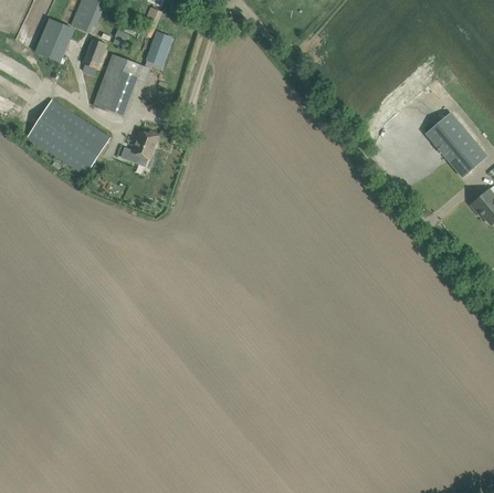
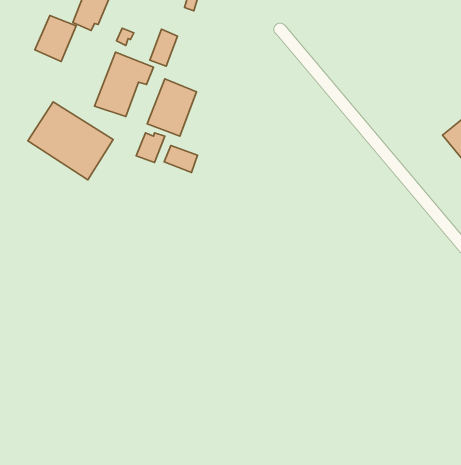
building: [81,38,107,75] -> none
building: none -> [147,79,197,136]
building: none -> [164,145,197,172]

